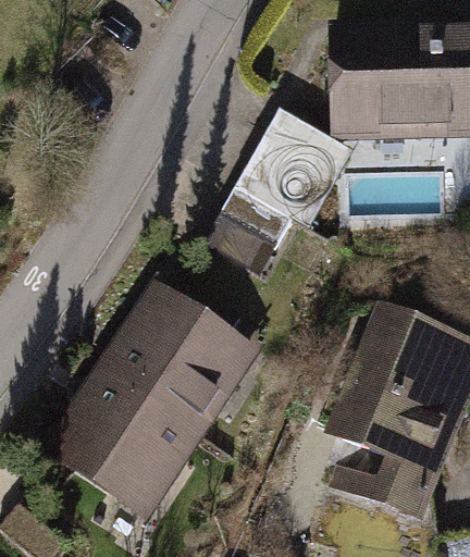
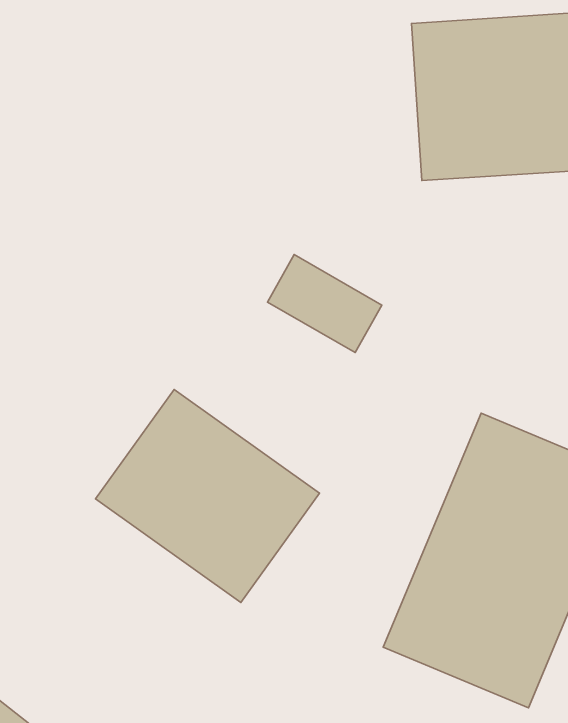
building: [242,116,347,225] -> none
building: [37,368,202,524] -> none

